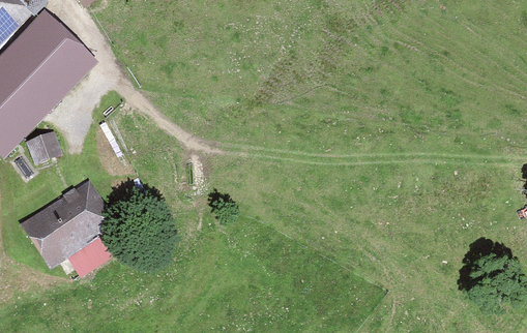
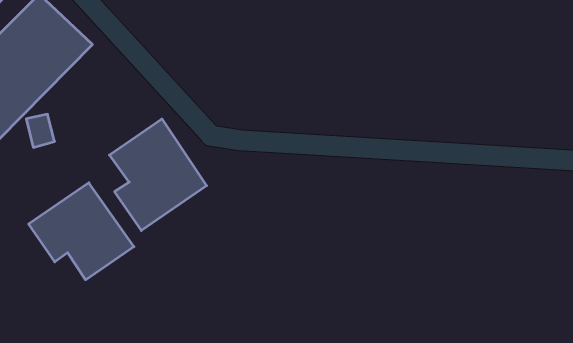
building: none -> [109,119,207,231]

